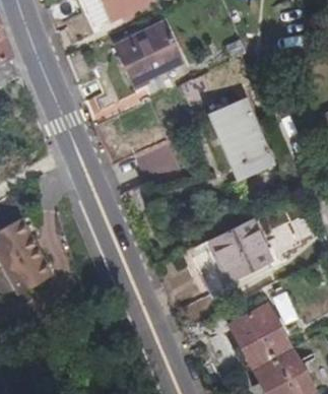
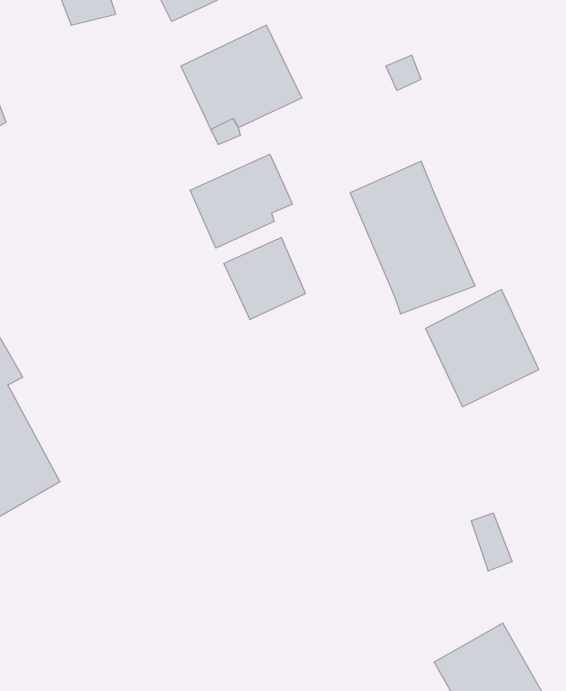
building: none -> [190,154,293,248]
building: [209,217,271,281] -> [425,290,539,407]
building: [228,305,290,370] -> none

